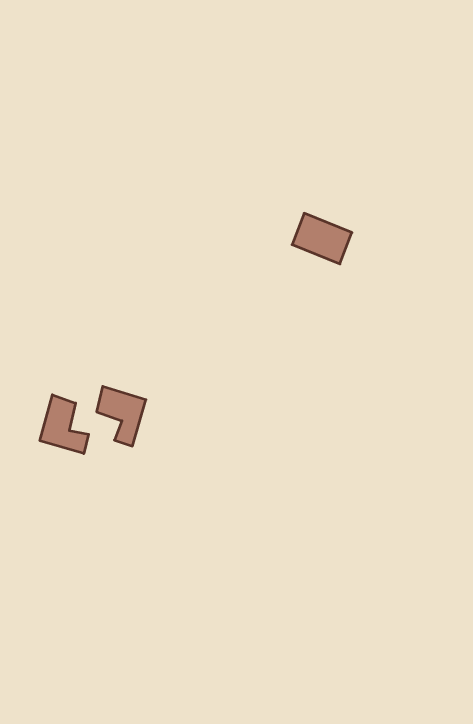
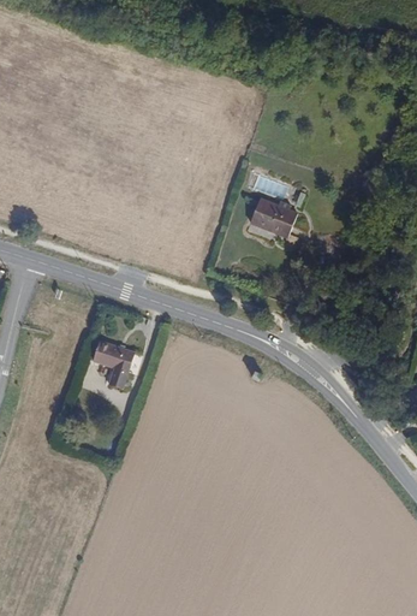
building: [40,395,89,454] -> none

